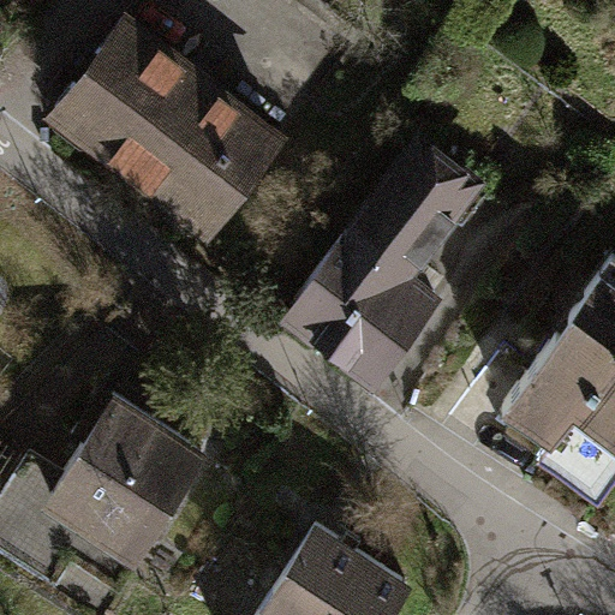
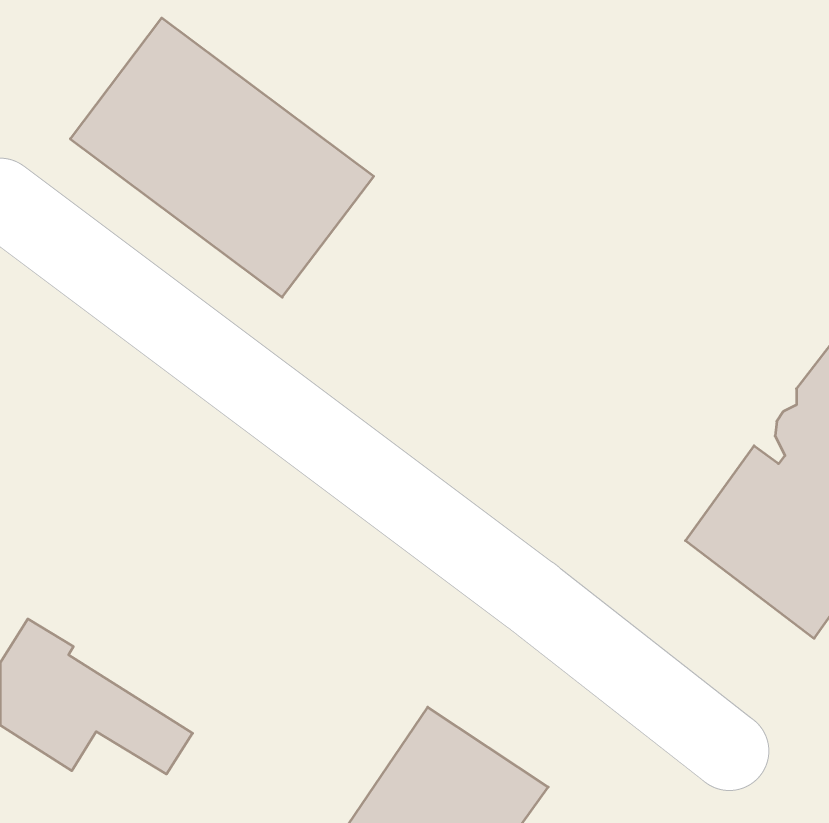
building: [289,142,476,377] -> none
building: [54,400,202,548] -> none

